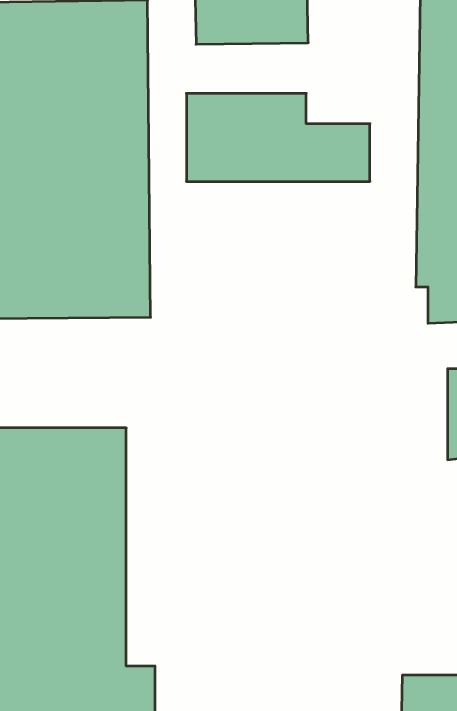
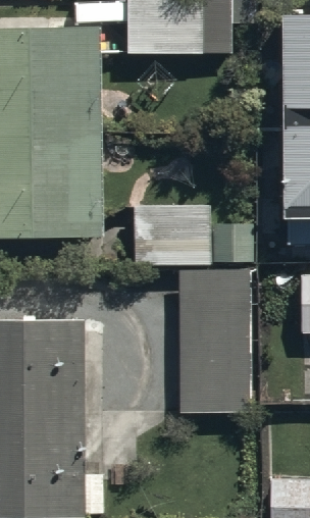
building: [186,93,370,181] -> [132,205,255,264]
building: none -> [179,269,253,417]

